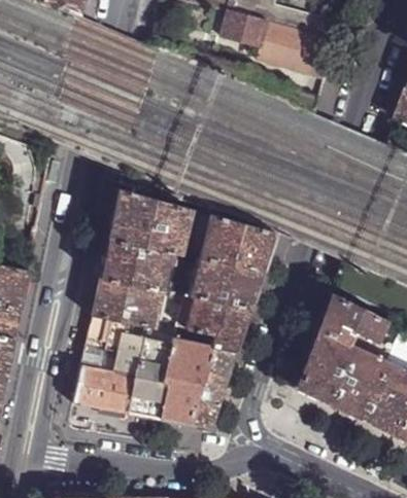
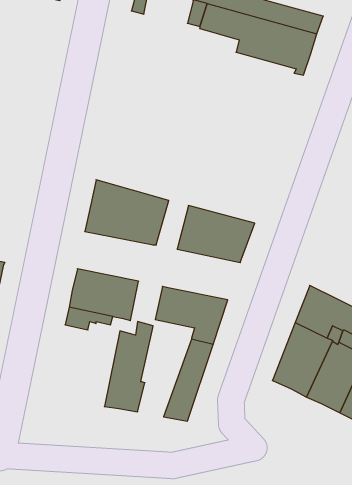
building: [99,239,178,291] -> none
building: [188,256,261,307] -> none
building: [71,332,141,413] -> none
building: [159,337,212,423] -> none

